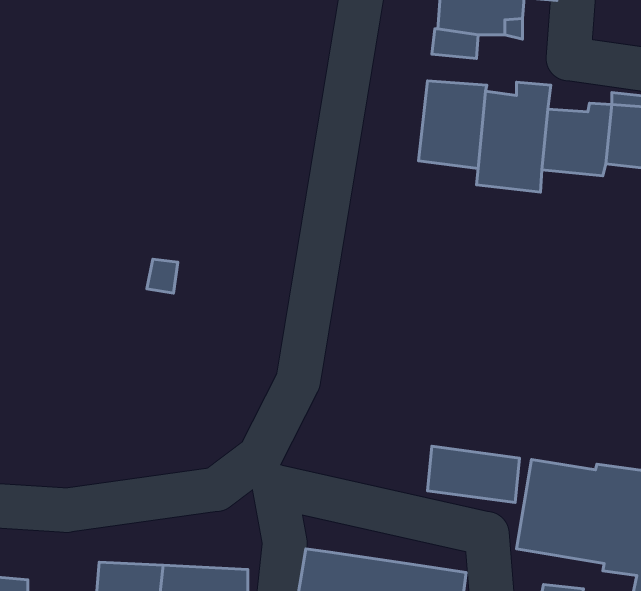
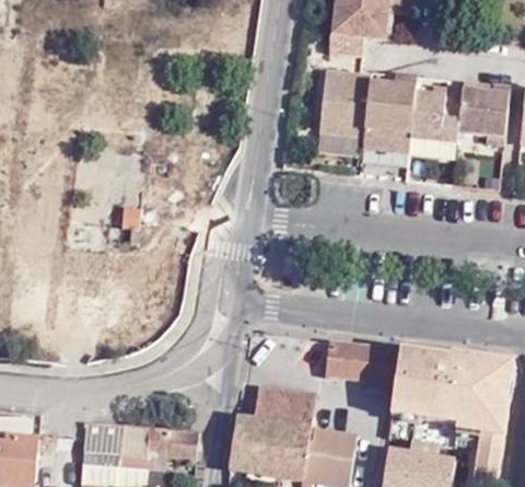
building: none -> [317,130,363,156]
building: none -> [253,385,315,427]

